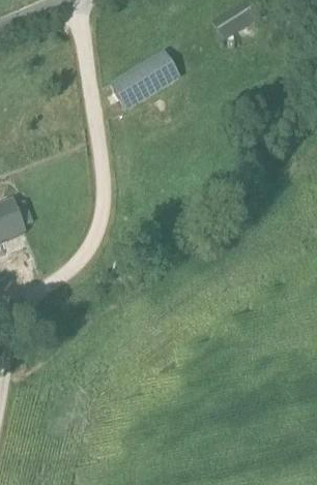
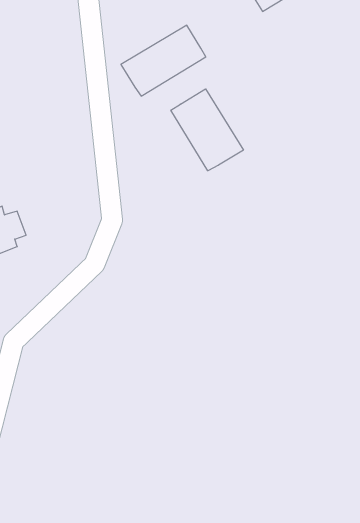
building: none -> [171,89,243,171]

